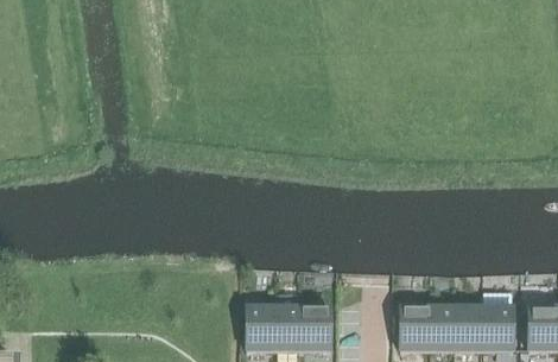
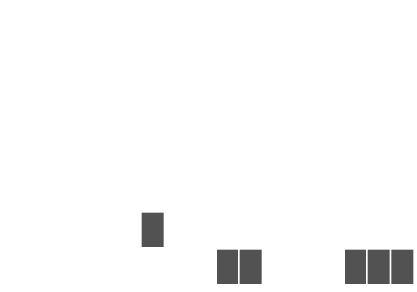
building: [246,309,274,351] -> [141,212,165,247]
building: [400,309,429,351] -> none

